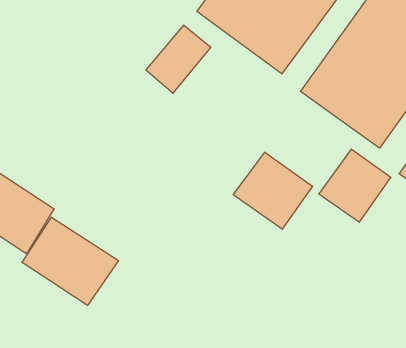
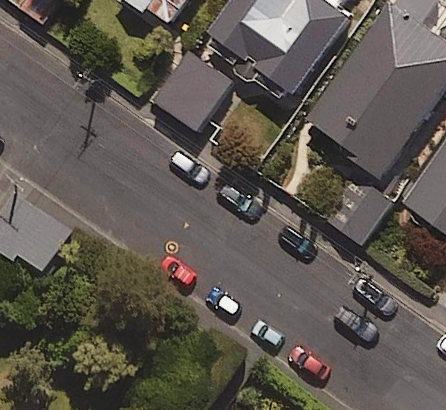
building: [233,152,313,229] -> none
building: [22,217,119,305] -> none

